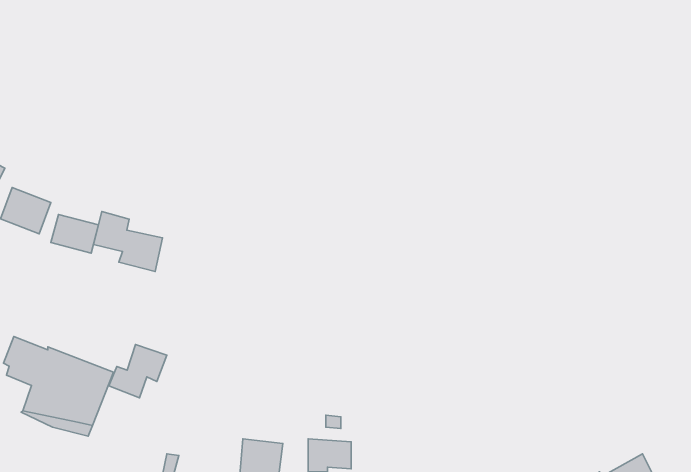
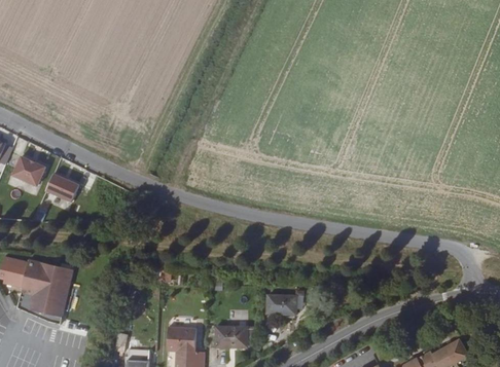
building: [93,212,162,271] -> none
building: [109,344,167,398] -> none
building: none -> [273,297,300,317]

